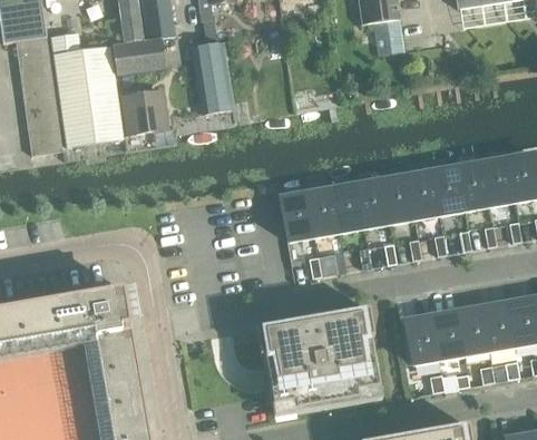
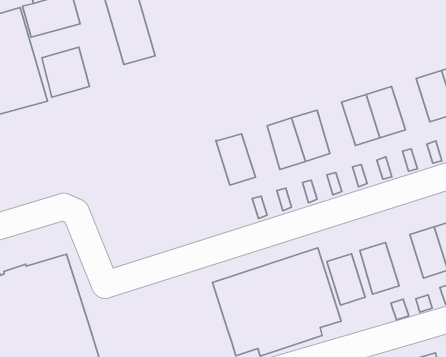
building: [457,163,489,211] -> none
building: [382,176,414,224] -> none
building: [306,189,339,237] -> none
building: [431,312,463,360] -> [327,254,365,305]

